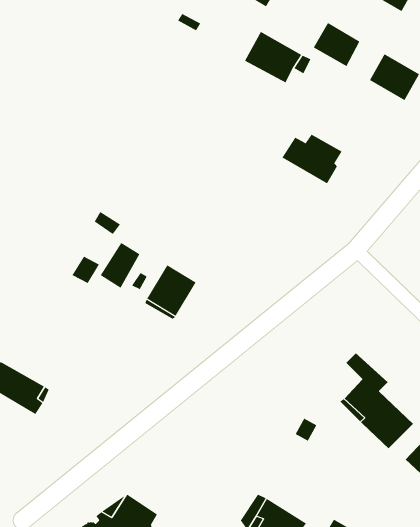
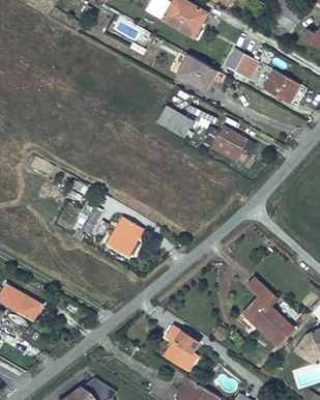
building: none -> [156,105,194,138]
building: none -> [166,326,199,370]

